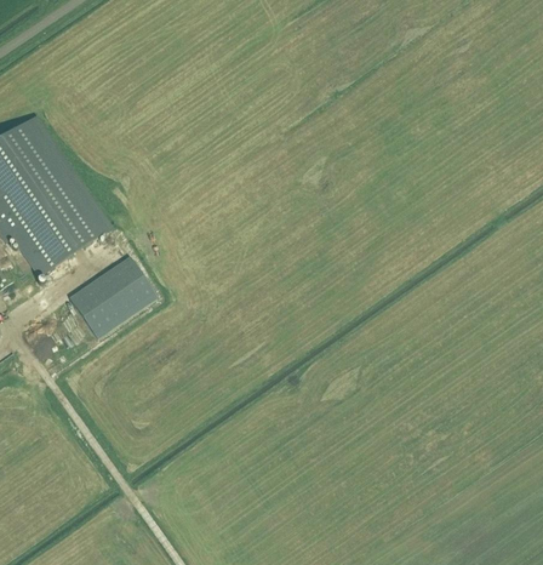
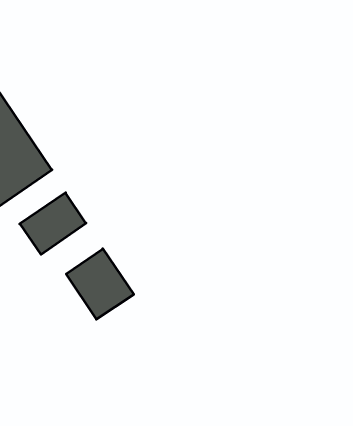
building: none -> [66,249,134,319]

